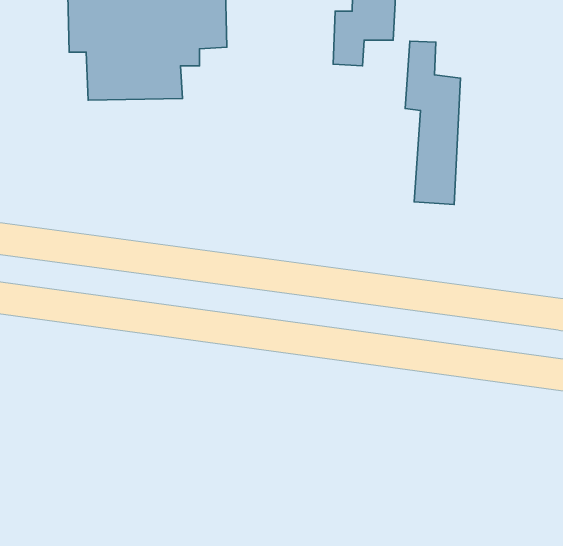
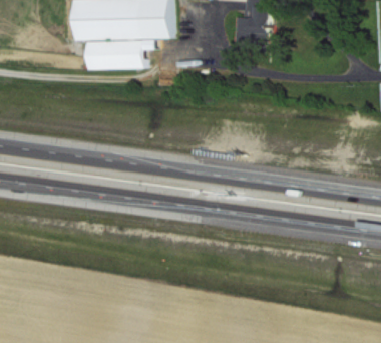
building: [405,41,461,205] -> none

